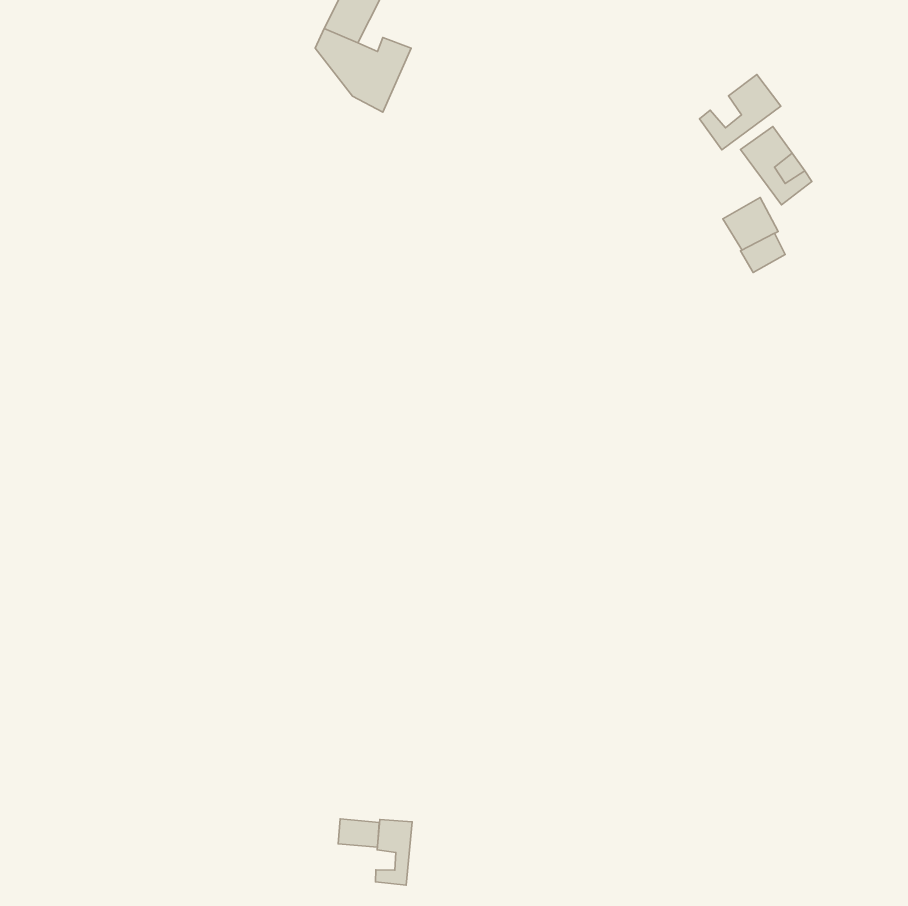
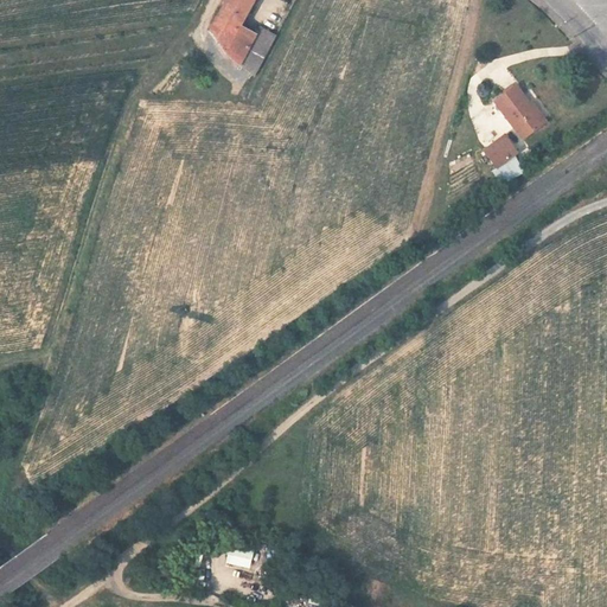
building: [700,75,781,150] -> none
building: [375,819,412,885] -> none

